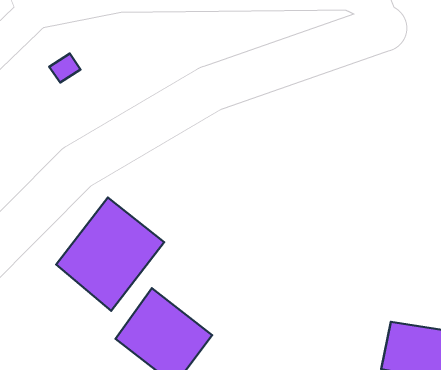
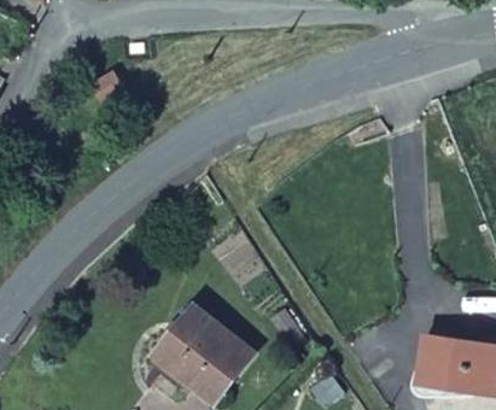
building: [56,197,164,311] -> none

